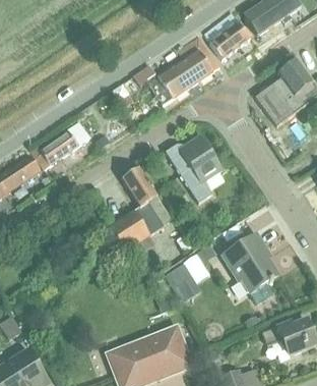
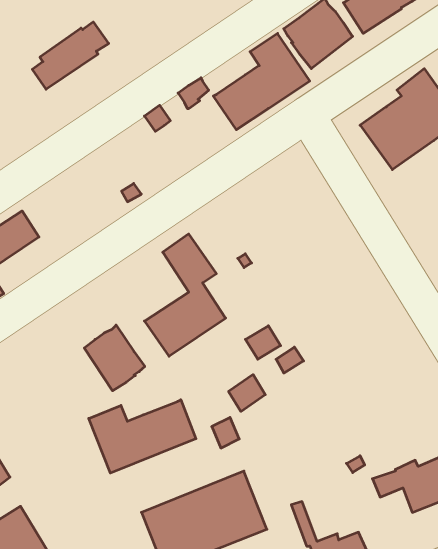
building: [36,124,86,169] -> [32,22,109,89]
building: [166,136,224,204] -> none
building: none -> [84,325,145,391]
building: [220,233,278,304] -> none
building: none -> [89,400,196,473]

